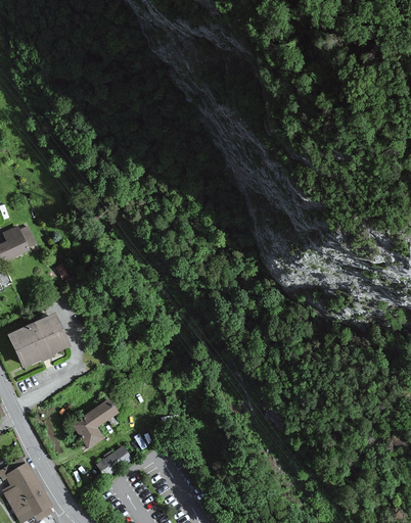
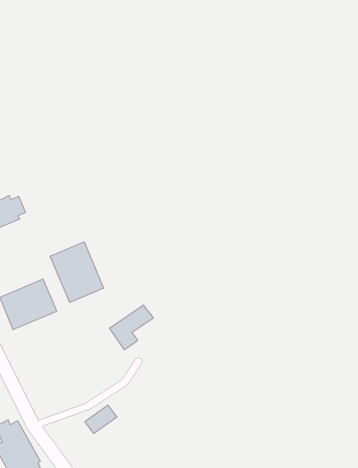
building: none -> [50,242,104,302]
building: [73,399,119,446] -> [110,305,153,350]

